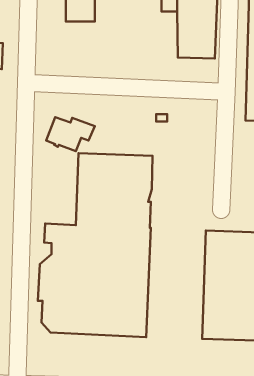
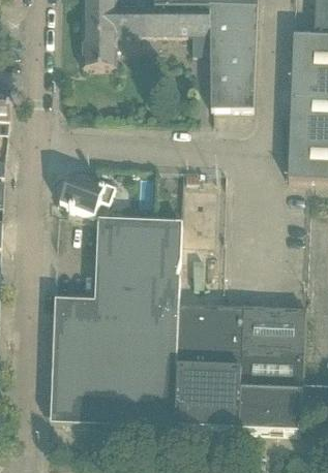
building: none -> [175,302,243,429]

